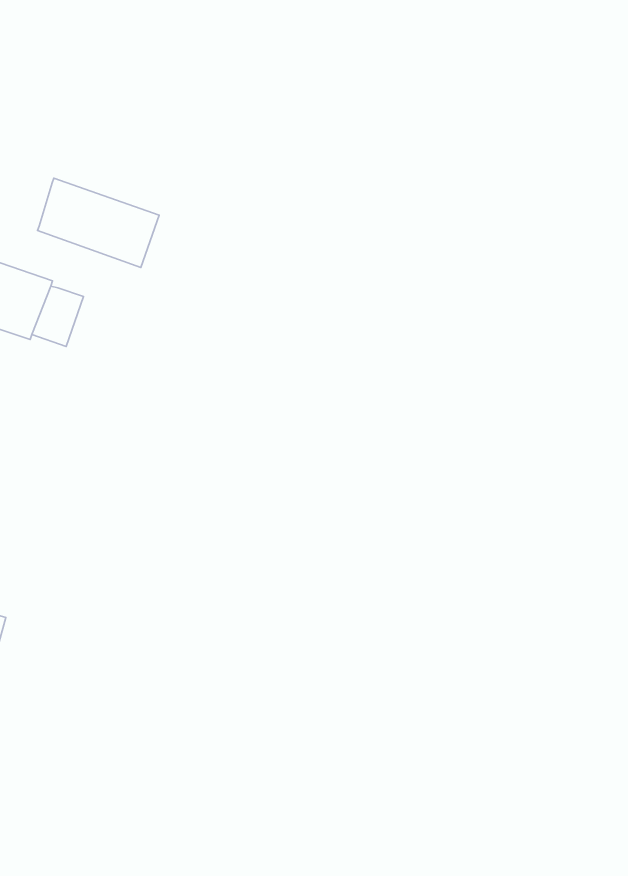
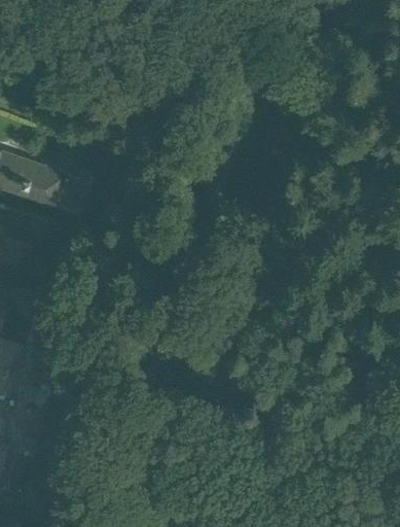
building: [38,178,159,268] -> none

